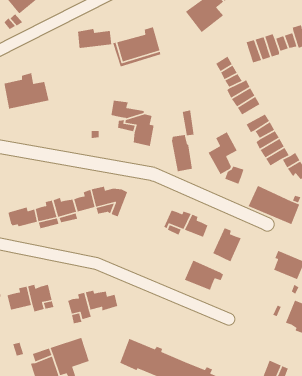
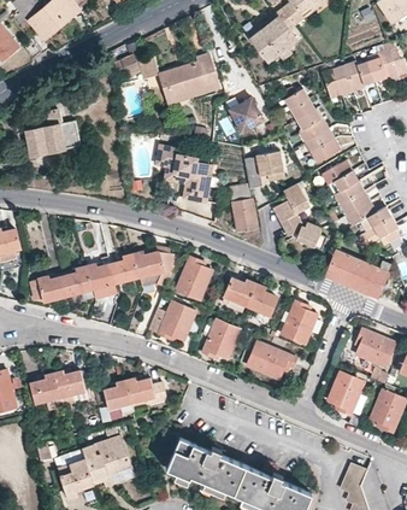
building: none -> [228,98,264,134]
building: none -> [254,150,282,187]
building: none -> [176,256,211,299]
building: none -> [148,300,195,339]
building: none -> [199,320,238,358]
building: none -> [328,371,366,414]

